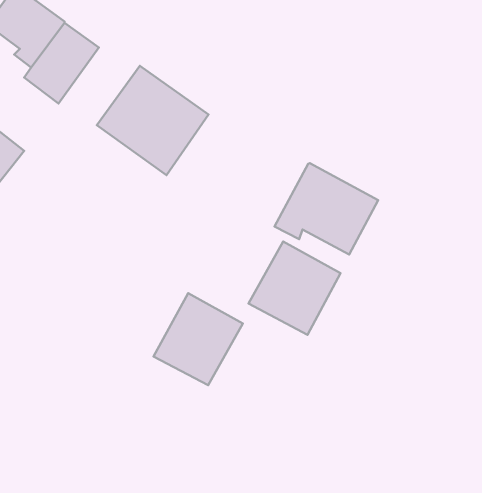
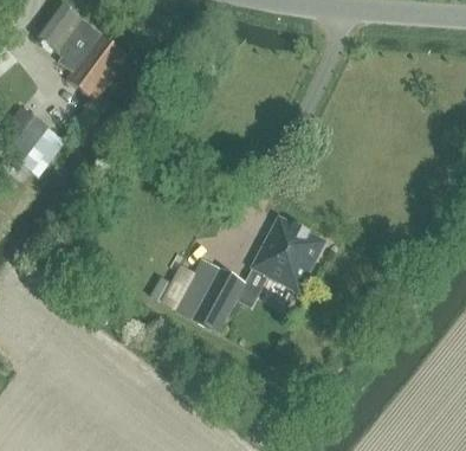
building: [97,66,209,175] -> none
building: [275,163,378,255] -> none

